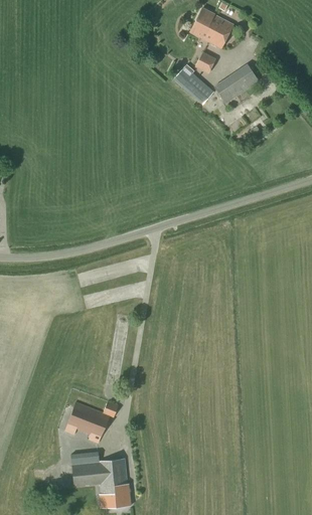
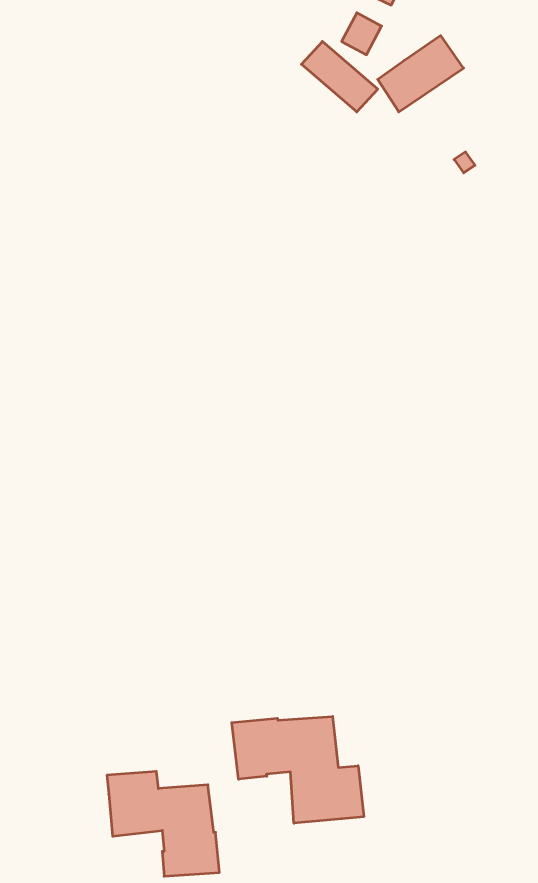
building: [65,401,119,443] -> none
building: none -> [232,716,364,823]

